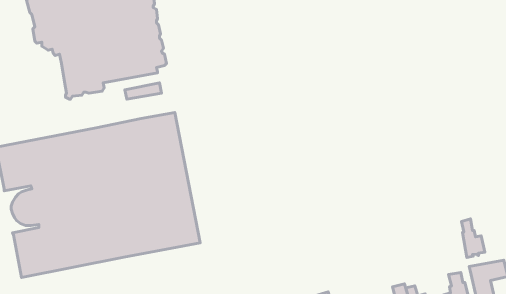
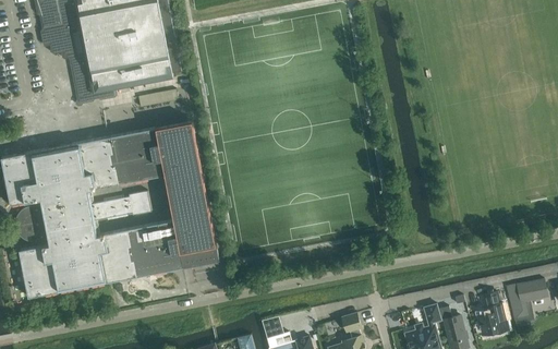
building: [462,219,485,257] -> none

